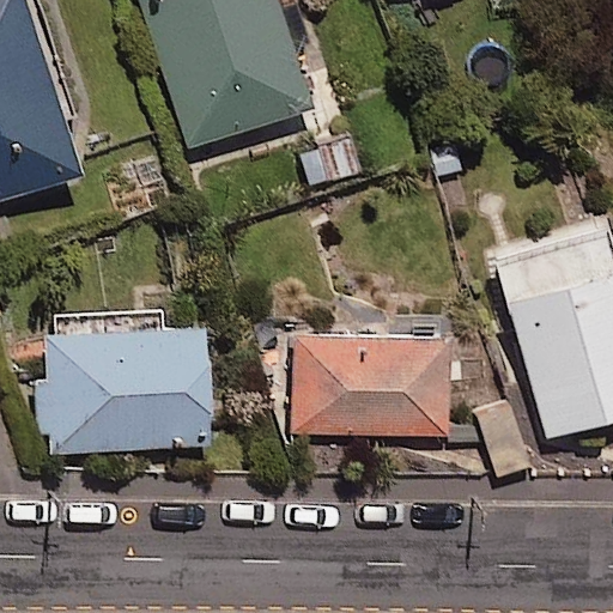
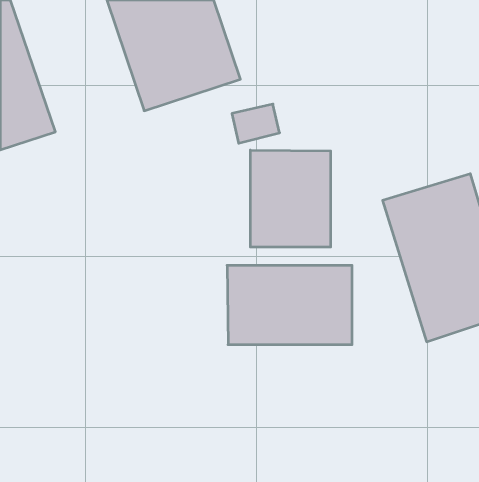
building: none -> [250,150,331,247]
building: [38,311,207,454] -> none

